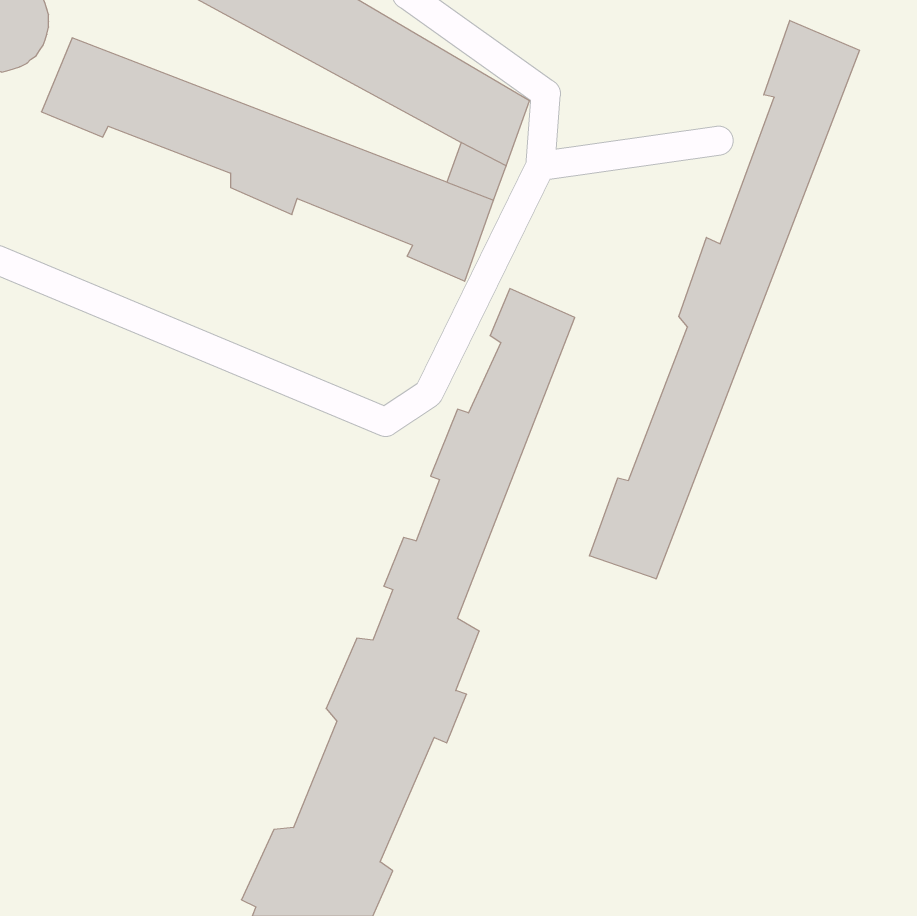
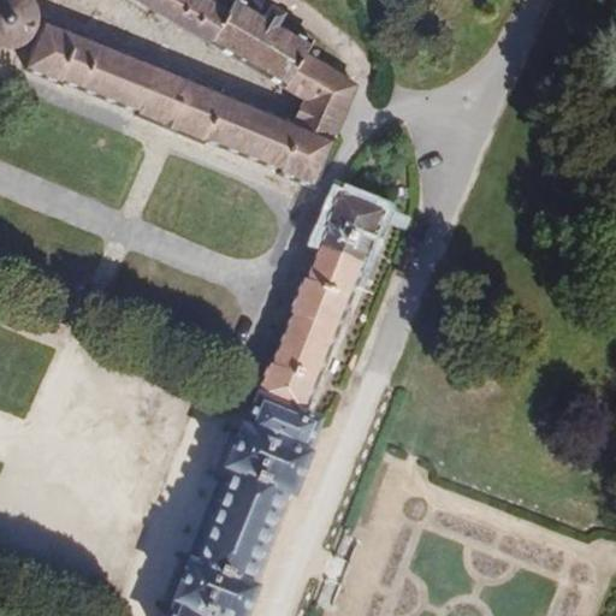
building: [589,20,860,579] -> none

